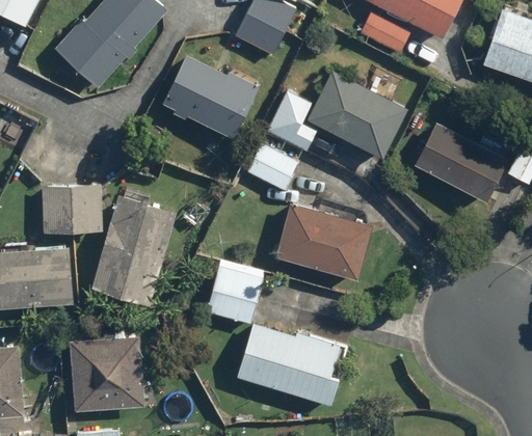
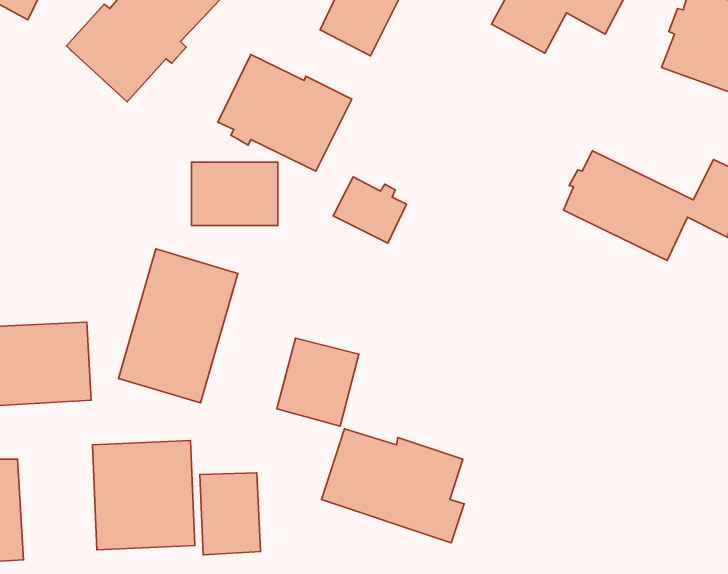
building: [261,72,406,159] -> none
building: [41,185,103,230] -> [191,162,278,226]
building: [274,202,373,279] -> none
building: none -> [200,473,260,555]

